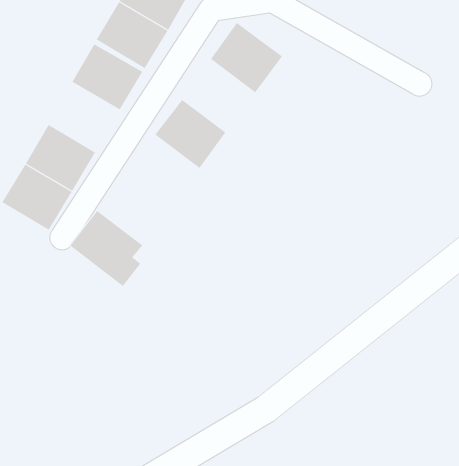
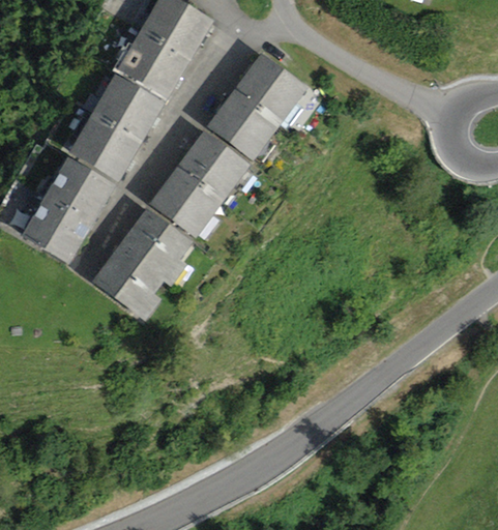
building: none -> [206,87,281,159]
building: none -> [69,111,142,180]
building: none -> [150,165,224,236]
building: none -> [118,205,193,284]

